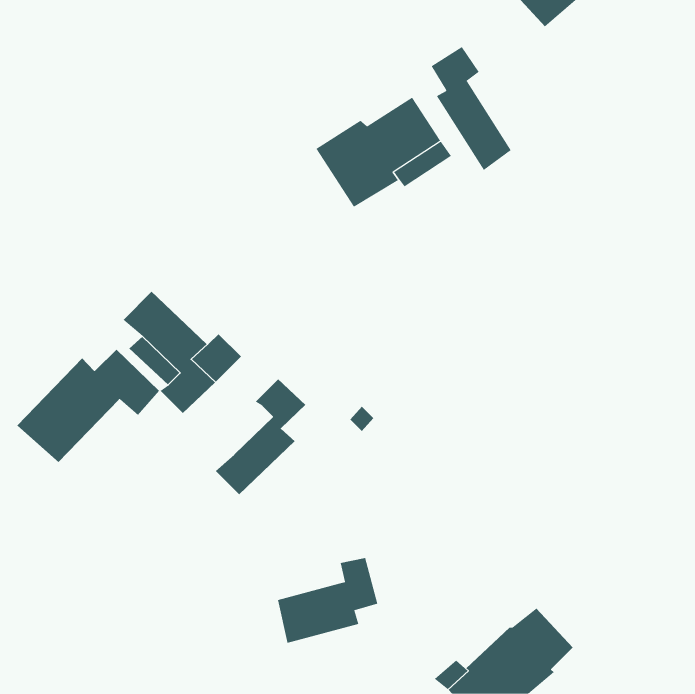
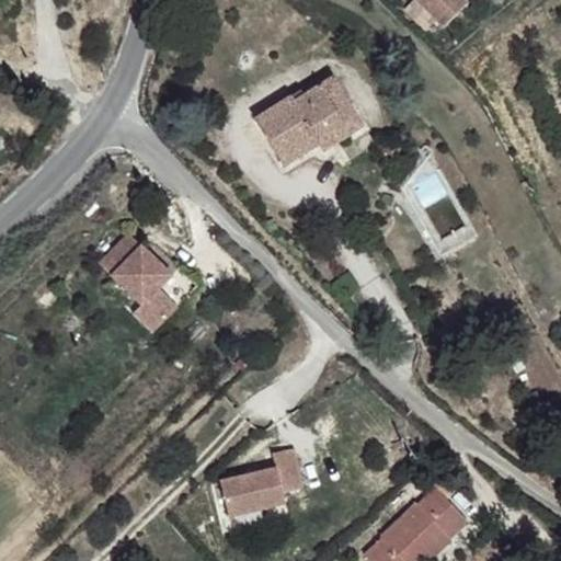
building: [431,46,512,171] -> none
building: [17,349,160,463] -> none
building: [215,378,306,495] -> none

